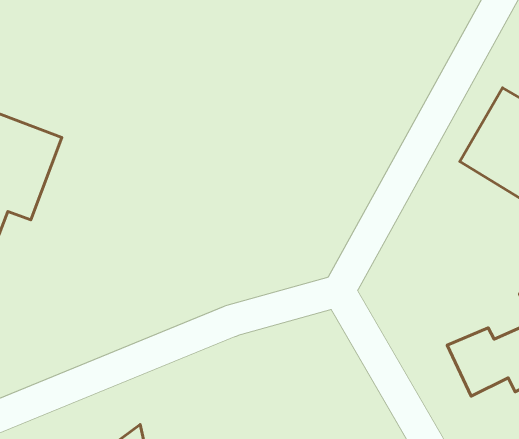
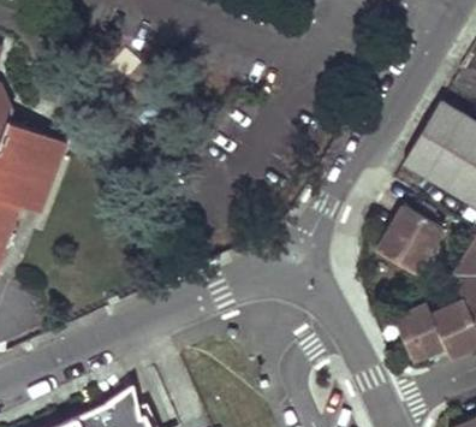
building: none -> [377,206,444,274]

